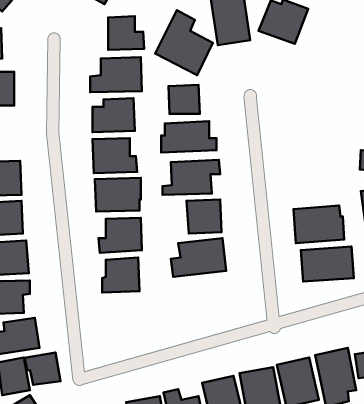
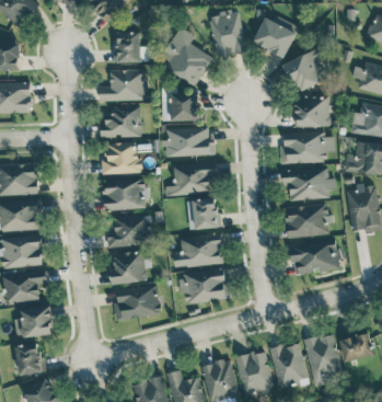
building: none -> [286,49,329,91]
building: none -> [294,96,331,127]
building: none -> [279,133,334,163]
building: none -> [280,169,335,200]
building: none -> [178,267,230,306]
building: none -> [114,288,160,320]
building: [25,352,60,385] -> none

